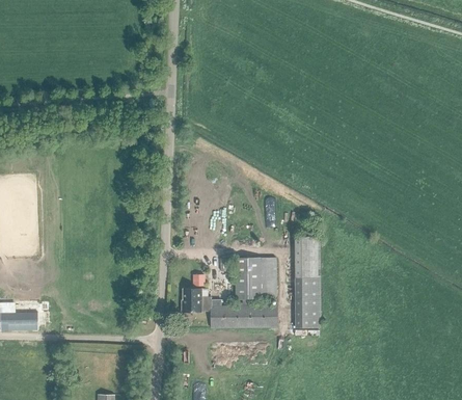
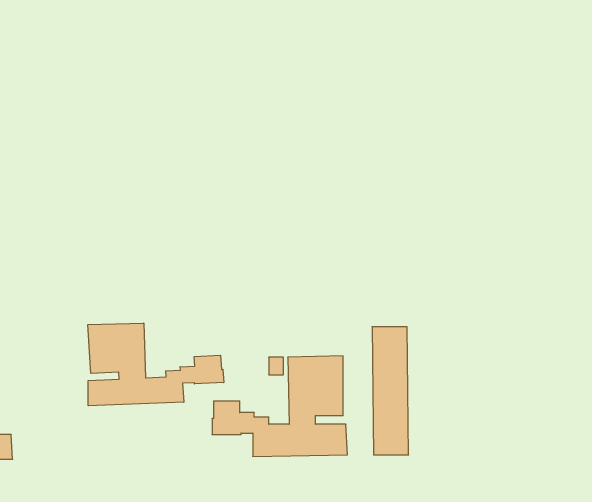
building: none -> [88,323,224,406]

